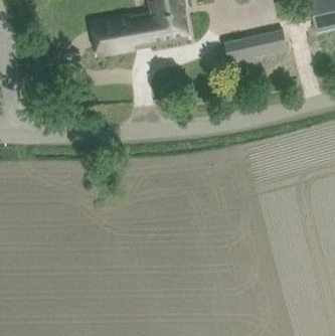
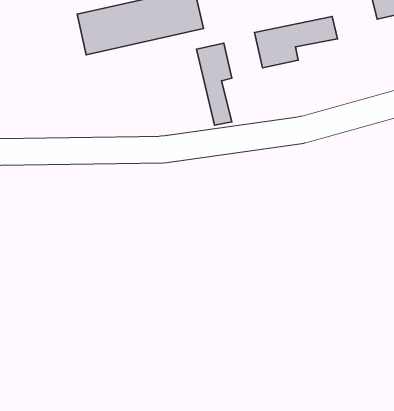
building: none -> [196,43,232,125]

